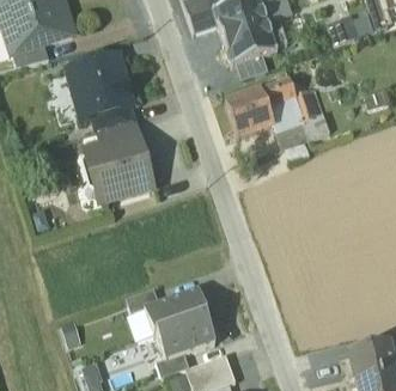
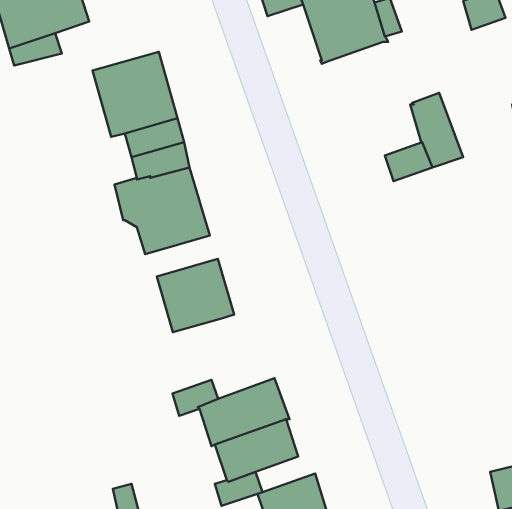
building: [226,79,297,136] -> none
building: none -> [157,259,234,332]

